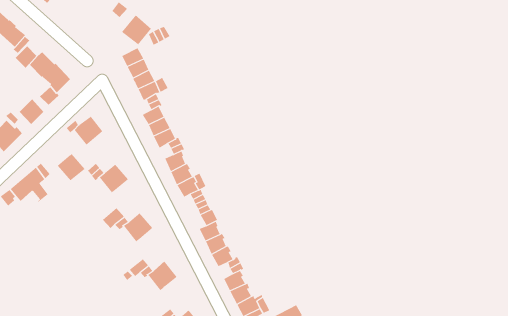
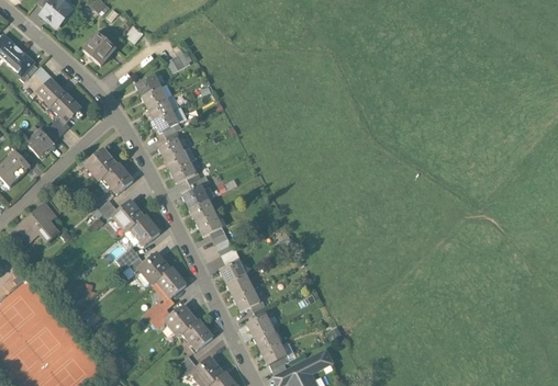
building: [121,15,152,45] -> [83,32,116,65]
building: [57,154,85,181] -> [103,163,134,193]
building: none -> [131,215,160,245]
building: none -> [157,268,187,297]
building: none -> [183,319,213,350]

